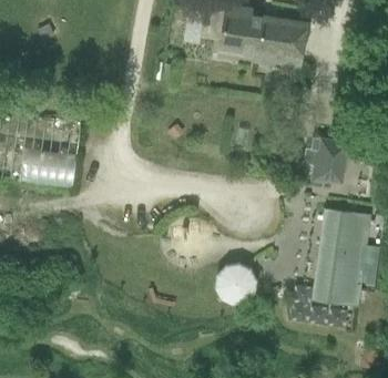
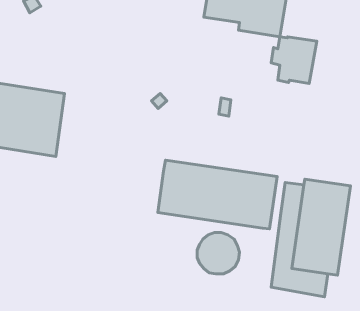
building: [306,135,353,183] -> [271,37,317,84]
building: none -> [158,160,277,229]

